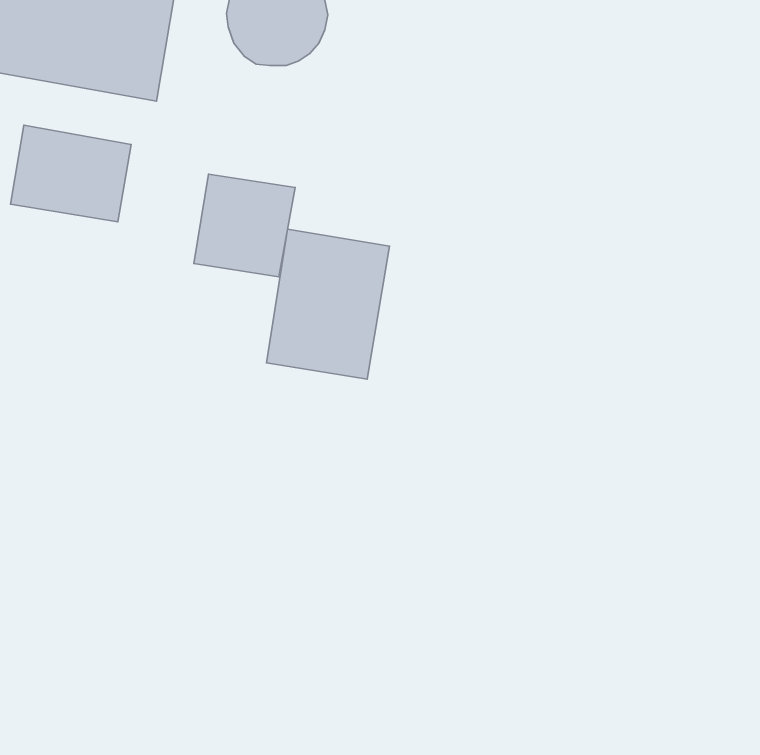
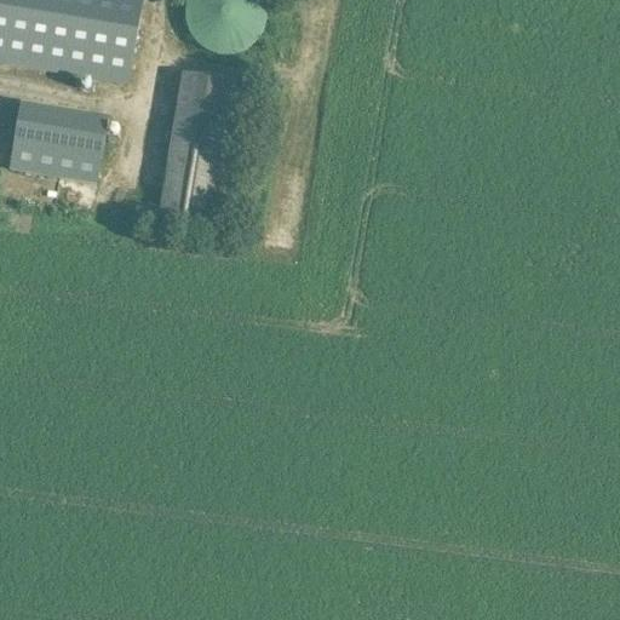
building: none -> [170,71,251,153]
building: [267,229,390,379] -> none

